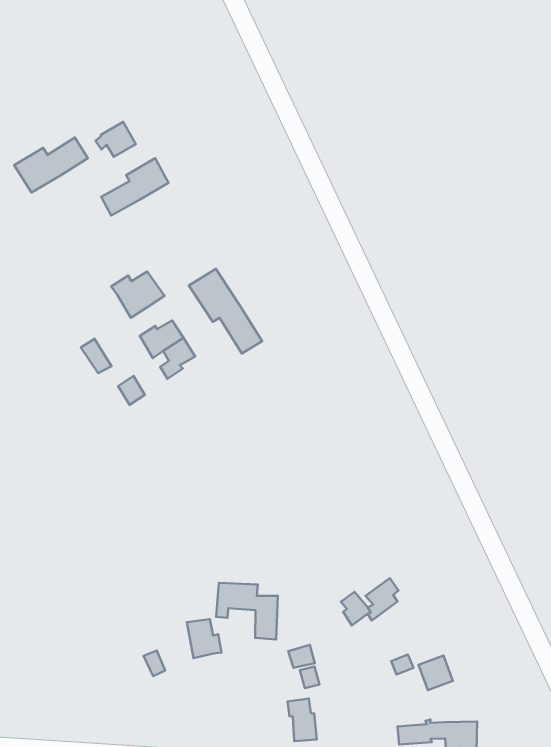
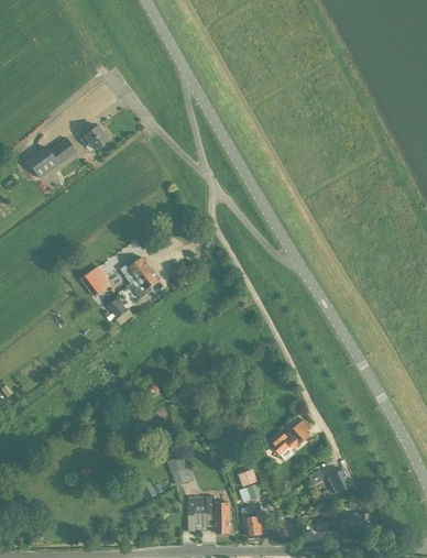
building: [101,158,169,215] -> none
building: [189,269,262,353] -> none
building: [111,272,165,318] -> none
building: [216,583,278,639] -> [187,495,229,532]

